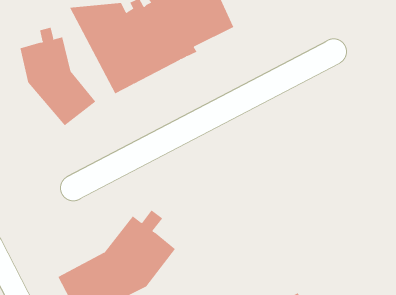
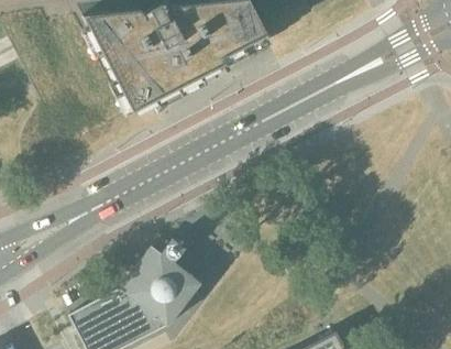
building: [20,27,96,126] -> none

